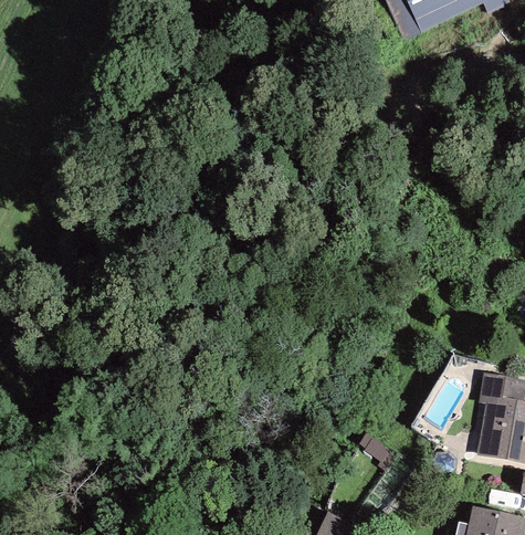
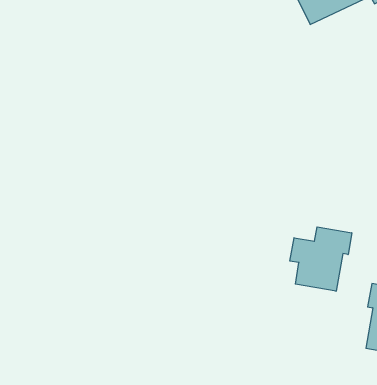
building: none -> [290,227,352,291]

